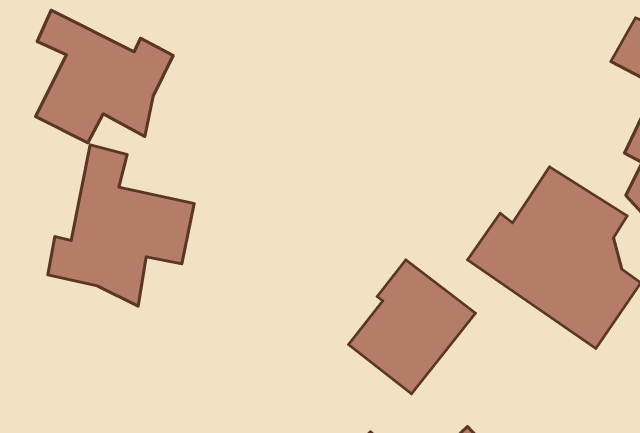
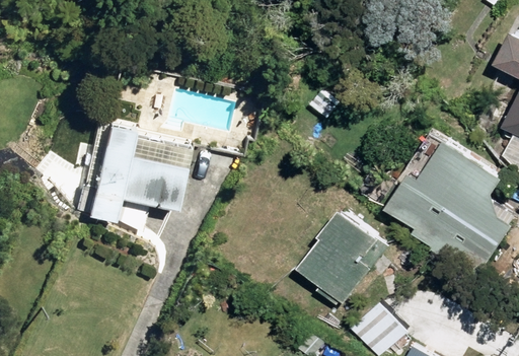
building: [36,10,173,143] -> none

